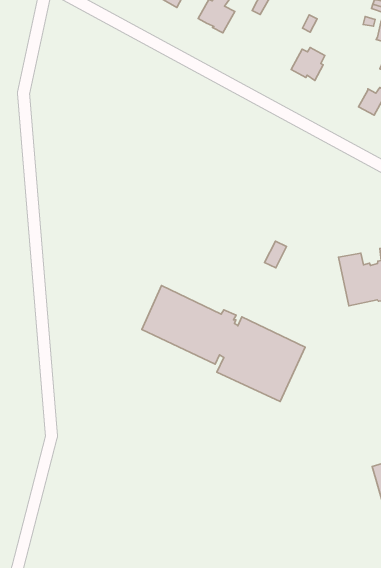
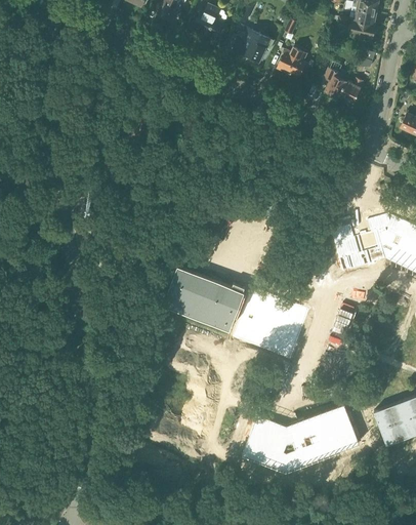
building: none -> [235,27,275,60]
building: none -> [324,68,346,97]
building: none -> [242,404,360,472]

